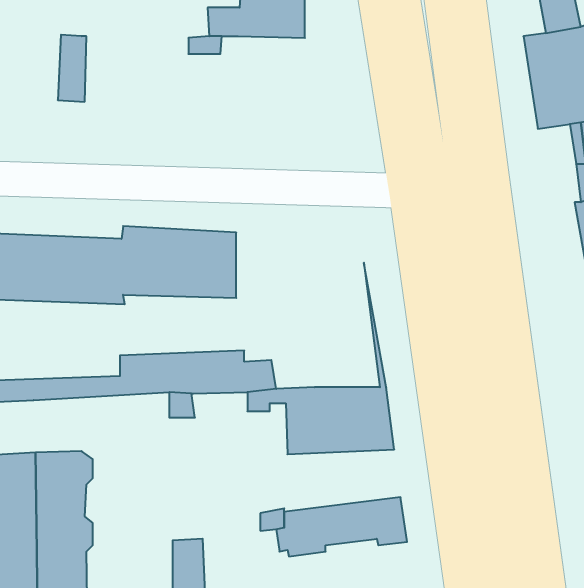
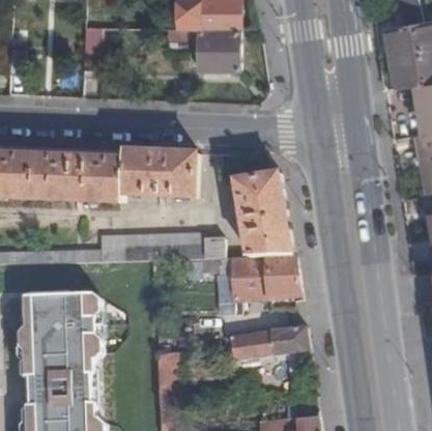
building: none -> [198,27,241,69]
building: none -> [236,174,290,255]

